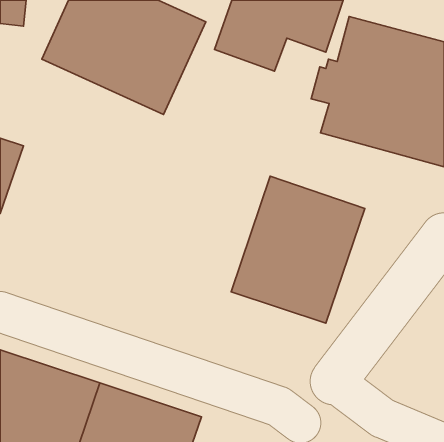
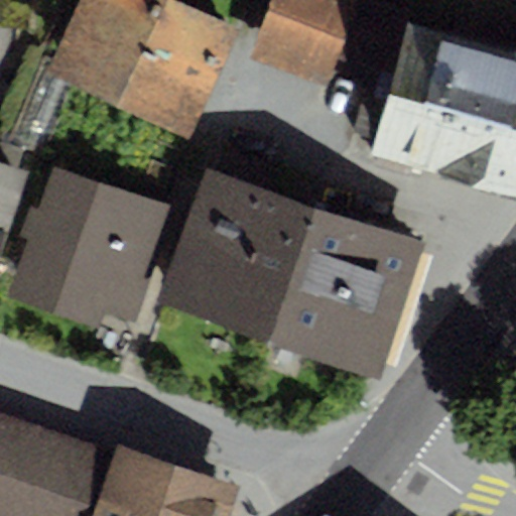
building: none -> [157,149,313,341]
building: none -> [7,166,164,330]

